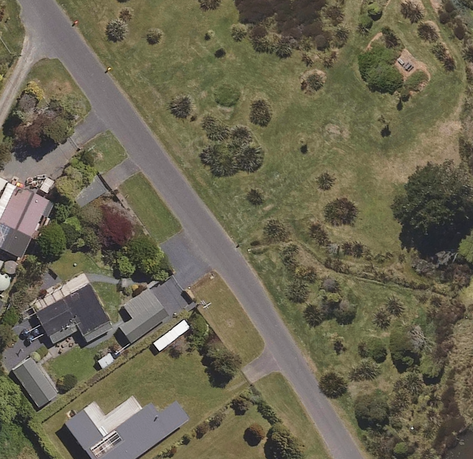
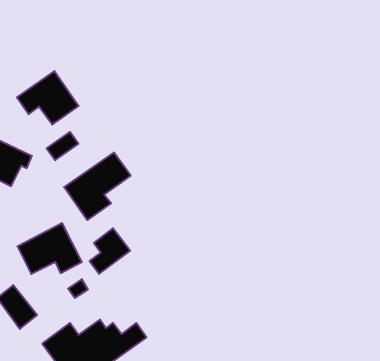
building: none -> [17,71,79,125]
building: none -> [64,152,131,220]

